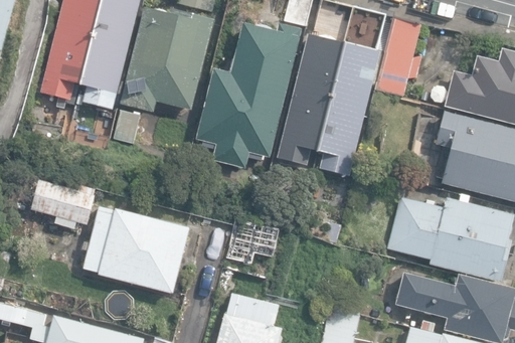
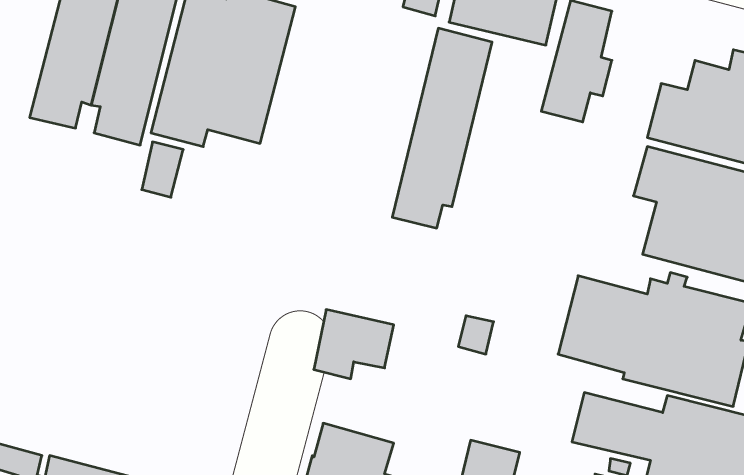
building: [195,23,301,168] -> none
building: [316,43,379,176] -> none
building: [31,181,95,227] -> none
building: [82,208,188,293] -> none

